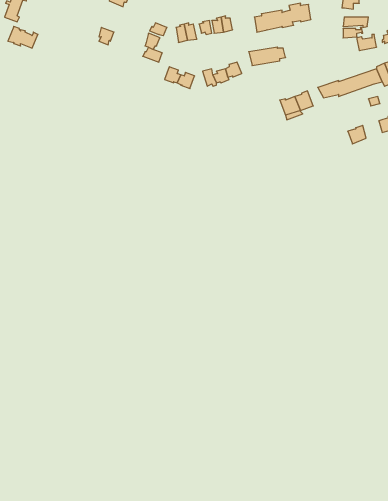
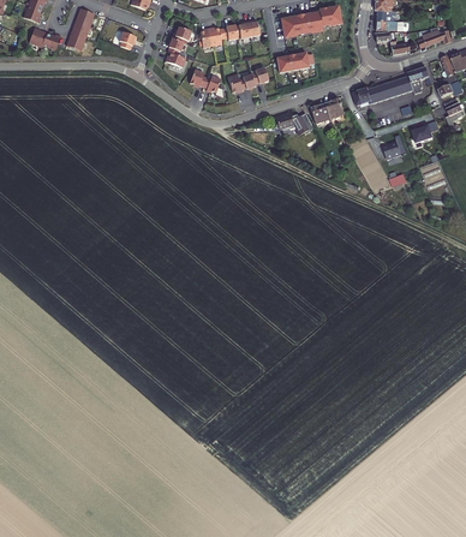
building: none -> [64,10,95,53]
building: none -> [276,115,315,137]

